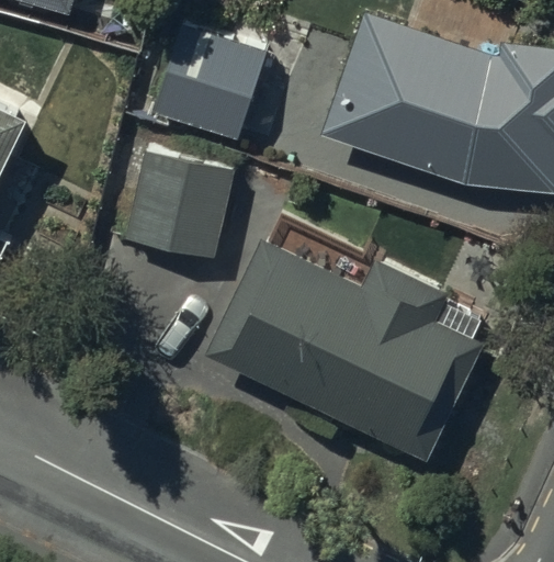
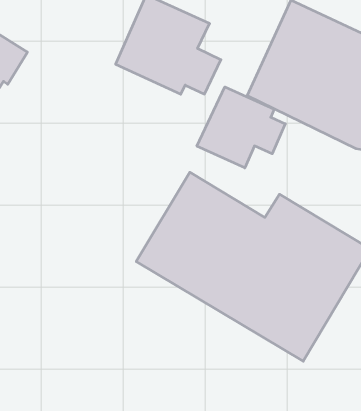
building: none -> [197,87,285,168]
building: [126,155,230,258] -> none

